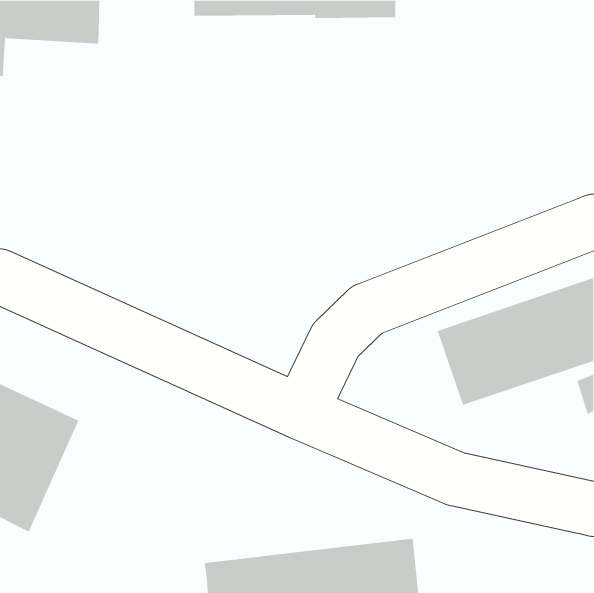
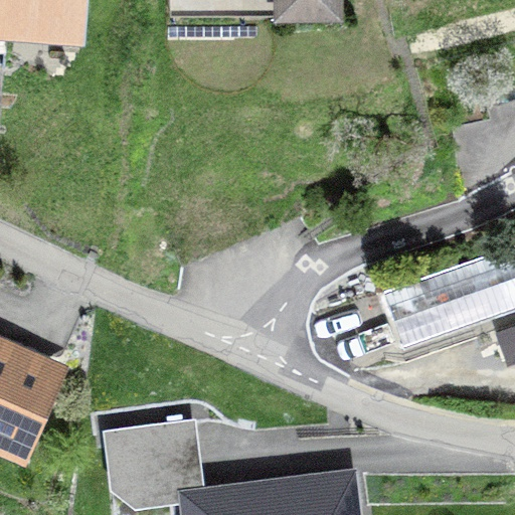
building: none -> [102,419,203,507]

